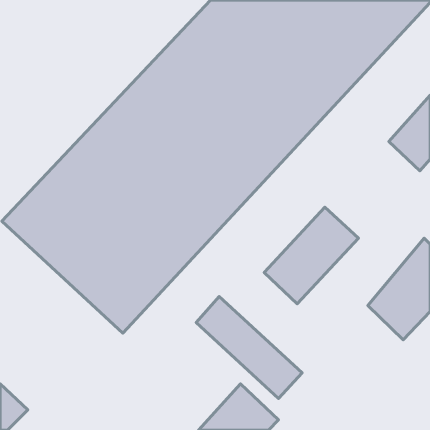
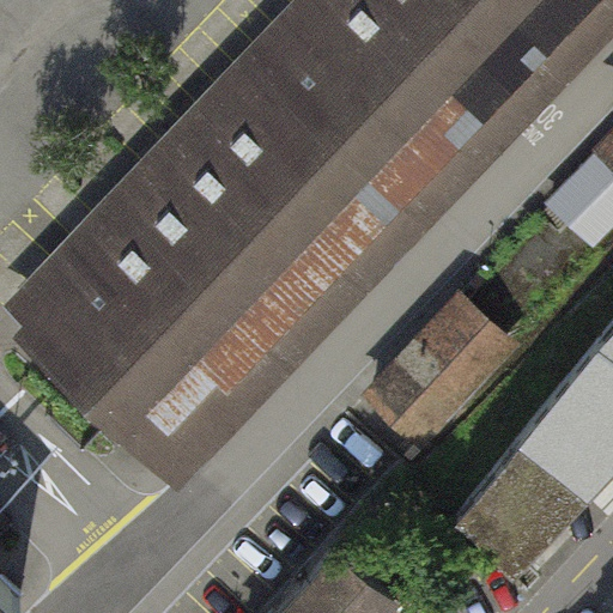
building: [196,297,302,399] -> none
building: none -> [459,435,573,559]

